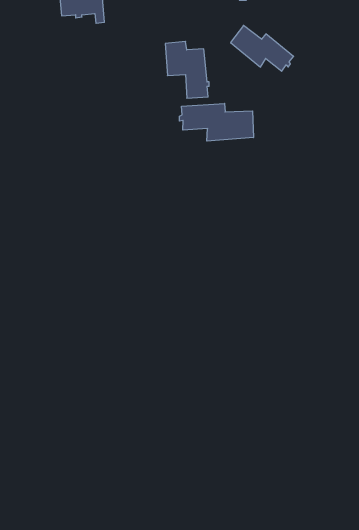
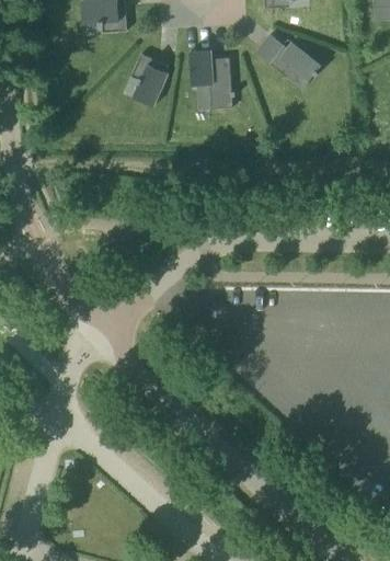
building: none -> [133,54,168,106]
building: [180,103,253,141] -> none

